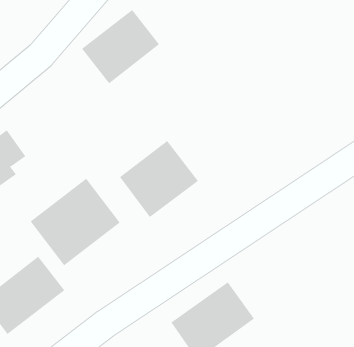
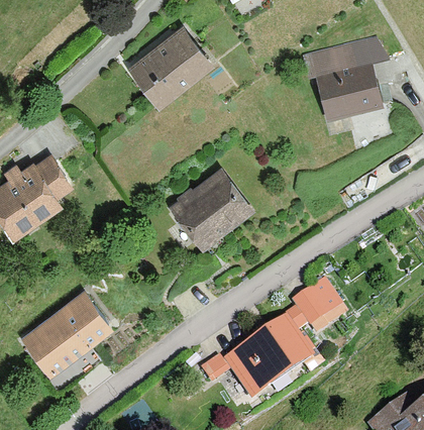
building: none -> [303,38,386,119]
building: [30,178,120,266] -> none
building: none -> [293,282,338,325]

